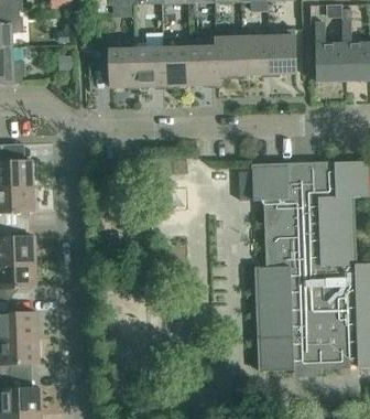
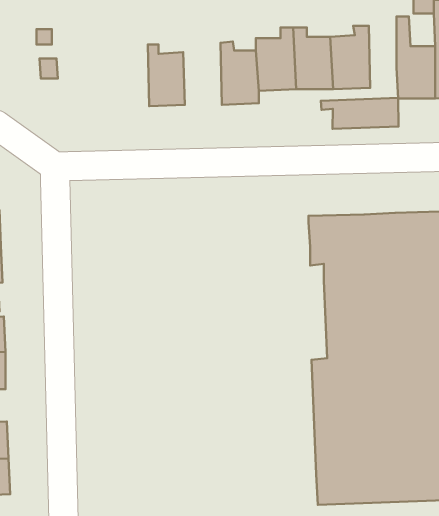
building: [163,41,191,85] -> none
building: [109,42,139,87] -> none
building: none -> [321,98,398,129]

